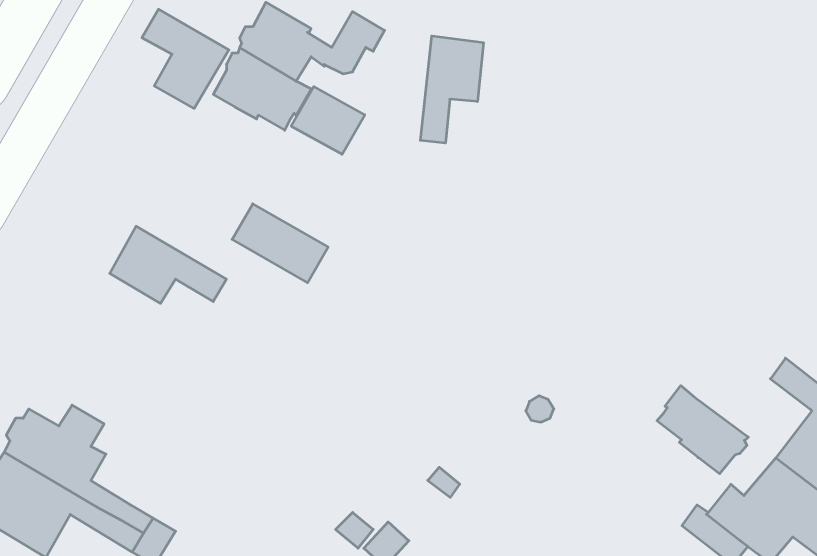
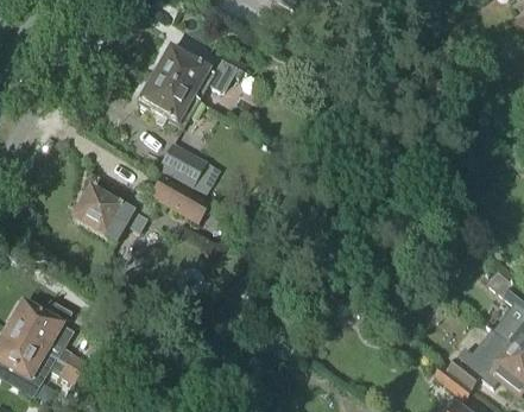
building: [142,9,229,108] -> none
building: [420,36,483,143] -> none
building: [291,87,365,154] -> [159,140,206,183]
building: [657,386,748,474] -> none

